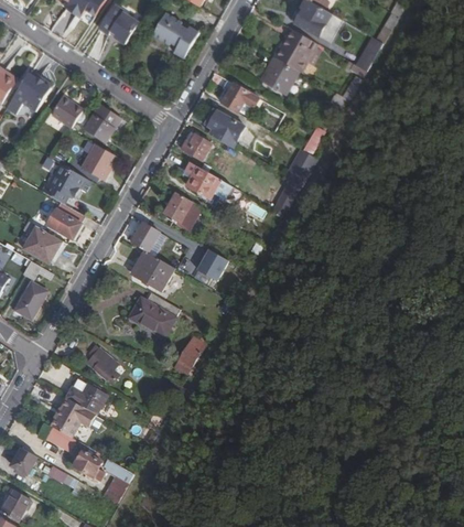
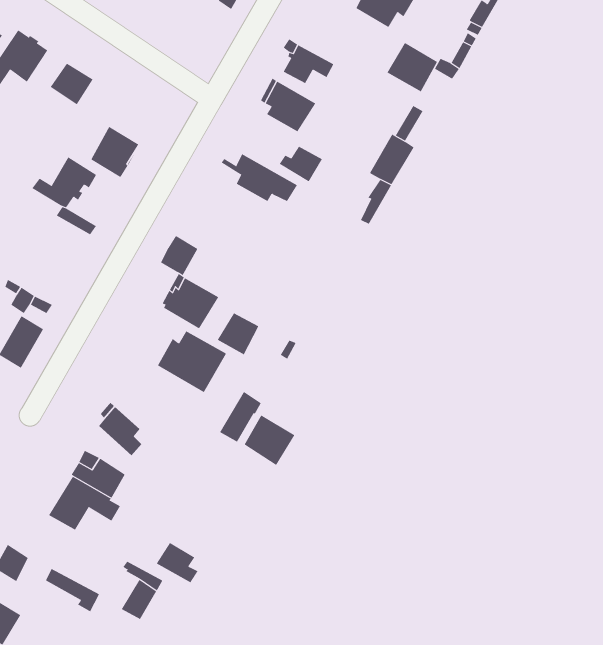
building: [260,57,298,94] -> [386,42,438,92]
building: [84,105,120,142] -> none
building: [180,135,212,161] -> [279,146,323,182]
building: [163,192,201,230] -> none
building: [45,208,80,239] -> none
building: [23,226,62,264] -> none
building: [196,250,227,281] -> [217,313,259,355]
building: none -> [244,415,295,466]
building: [73,451,104,481] -> [156,542,198,583]

